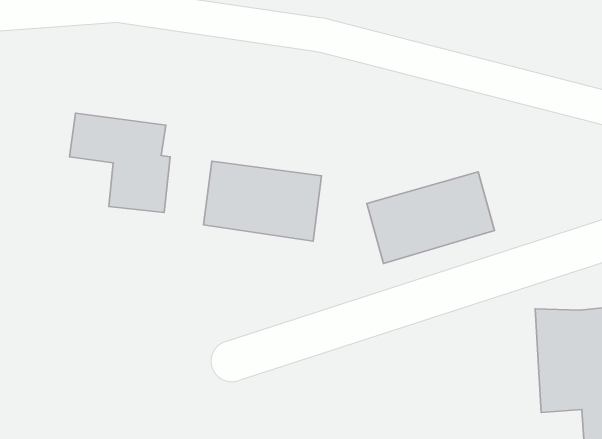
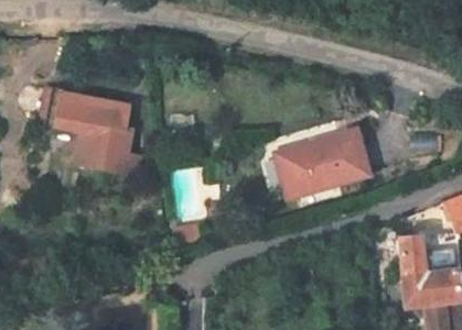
building: [204,161,321,241] -> none

